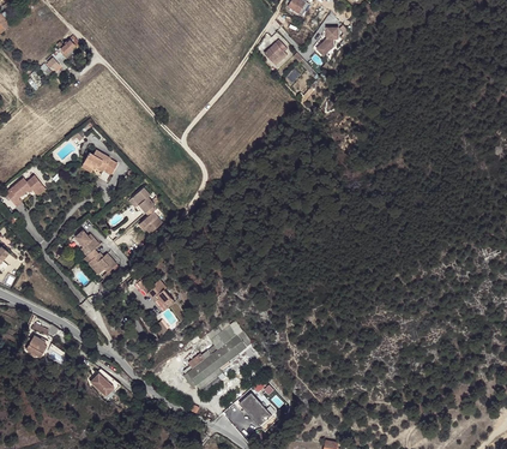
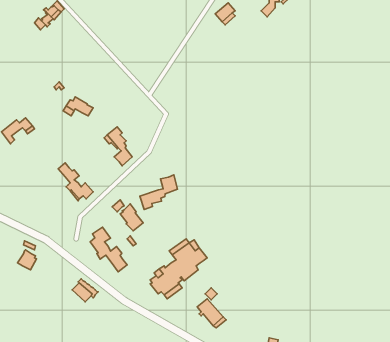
building: none -> [140,175,177,209]
building: none -> [90,227,127,272]

